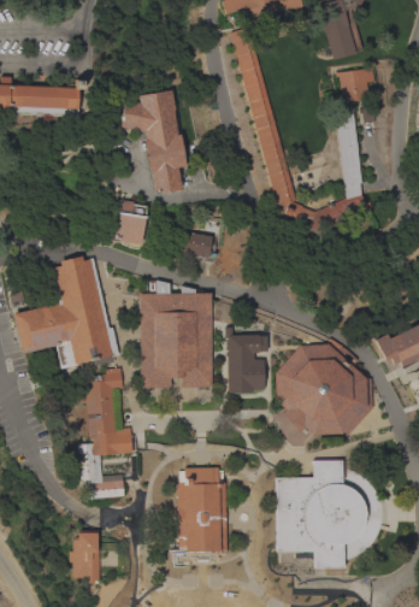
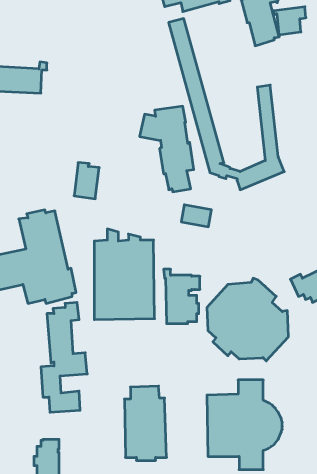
building: [336,67,374,101] -> [274,7,306,35]
building: [122,90,187,193] -> [140,106,194,192]
building: [177,230,213,257] -> [181,205,211,227]

